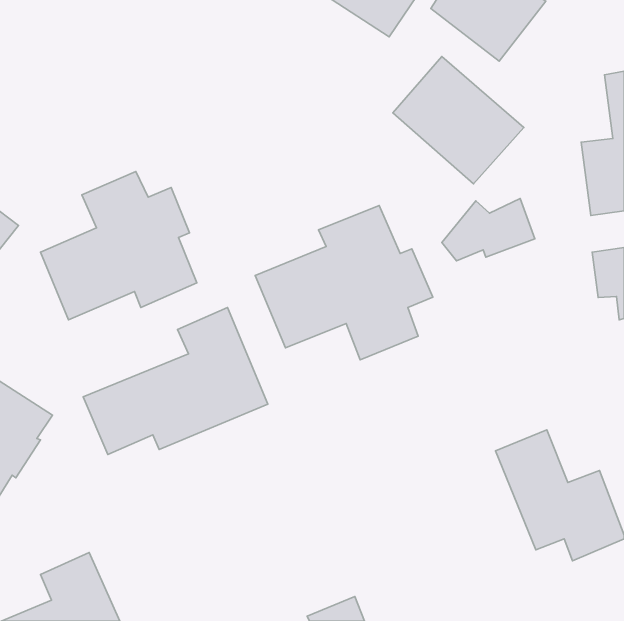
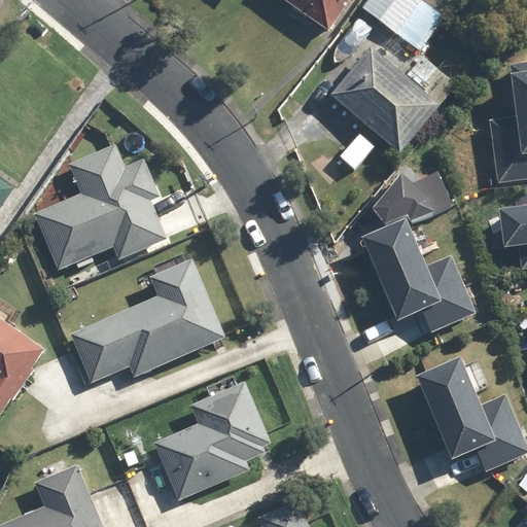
building: [255,205,433,360] -> none
building: none -> [361,214,473,327]
building: none -> [154,381,274,500]

